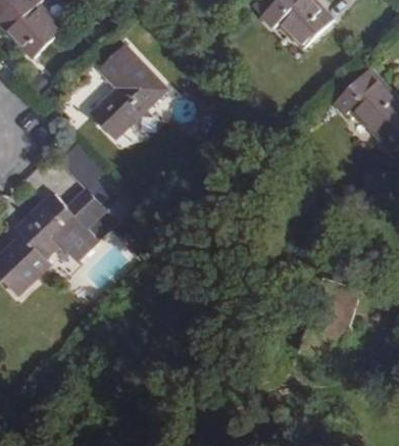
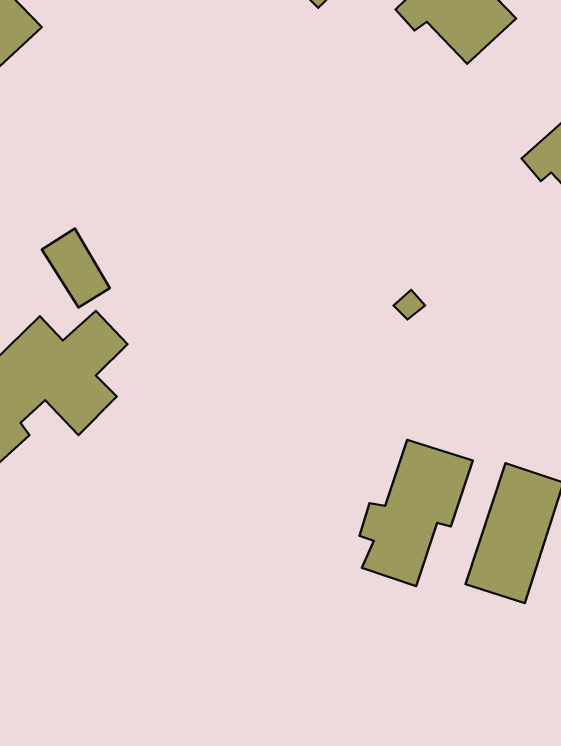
building: [90,47,165,139] -> none
building: none -> [360,440,473,586]

